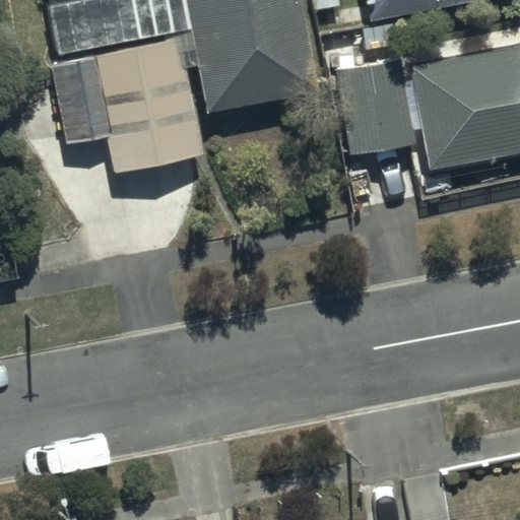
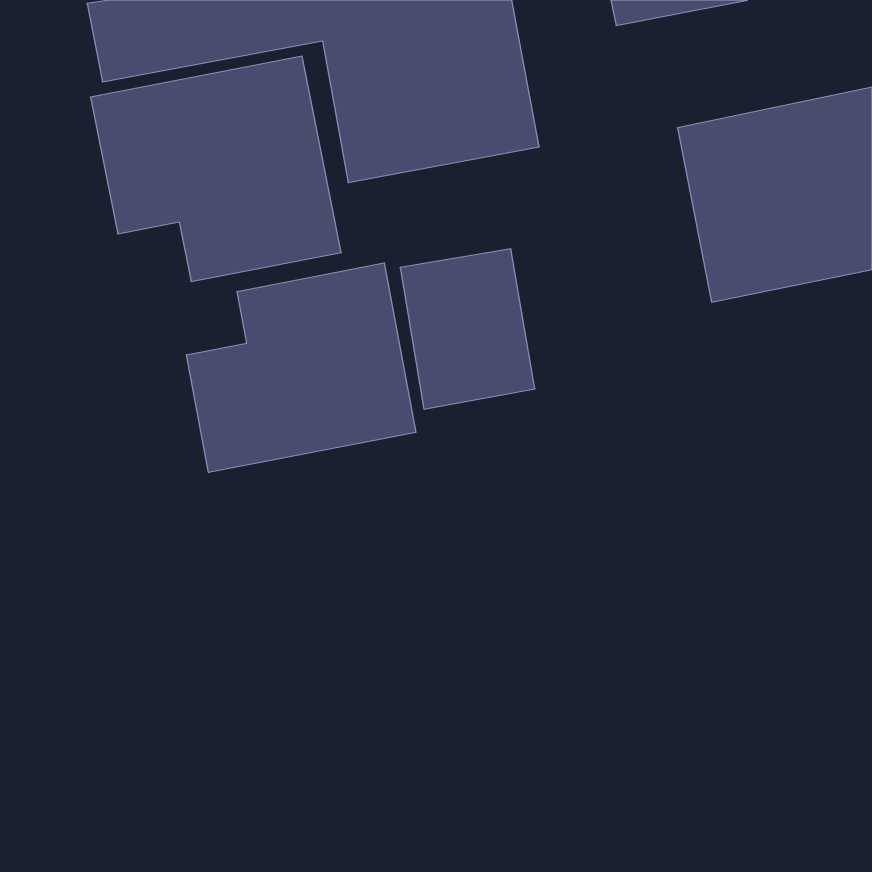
building: [331,71,411,167] -> [400,249,535,409]
building: none -> [187,263,416,473]

